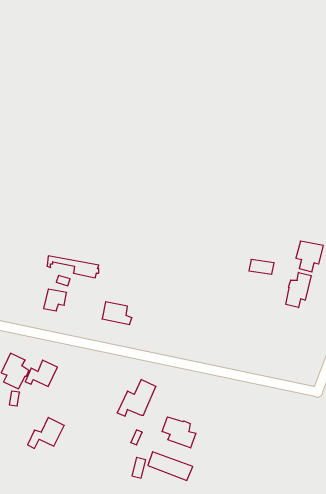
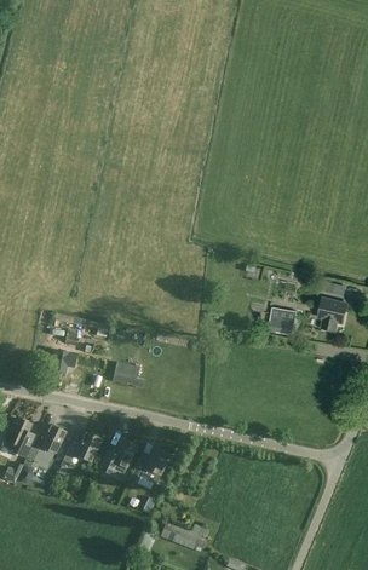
building: [286,272,311,308] -> none
building: none -> [99,438,137,474]
building: [162,417,196,448] -> none
building: [28,417,64,448] -> [63,430,102,462]

